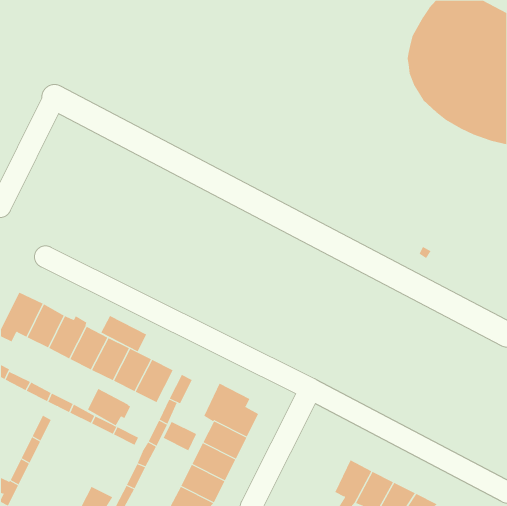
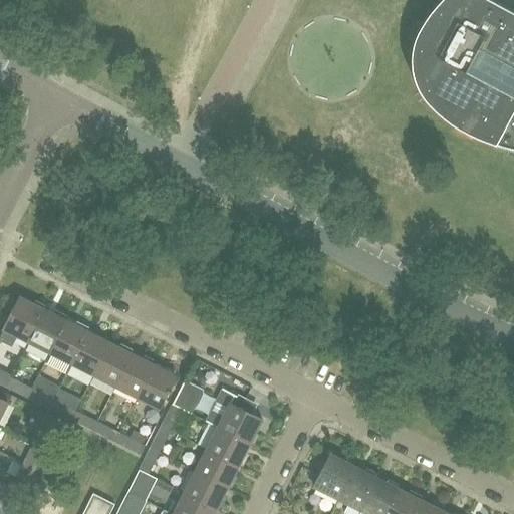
building: [101,315,147,352] -> none
building: [87,388,131,426] -> none
building: [163,421,197,451] -> none
building: none -> [314,454,354,499]

